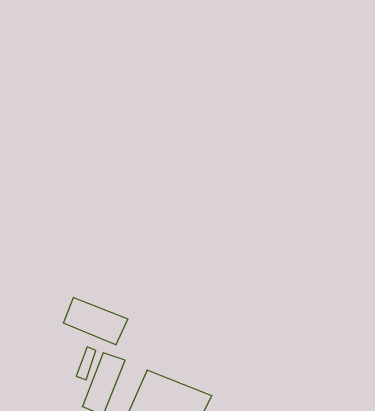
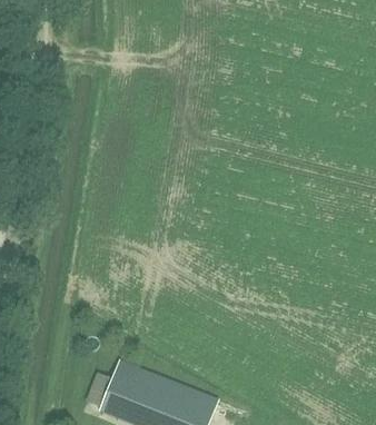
building: [64,297,128,345] -> none

